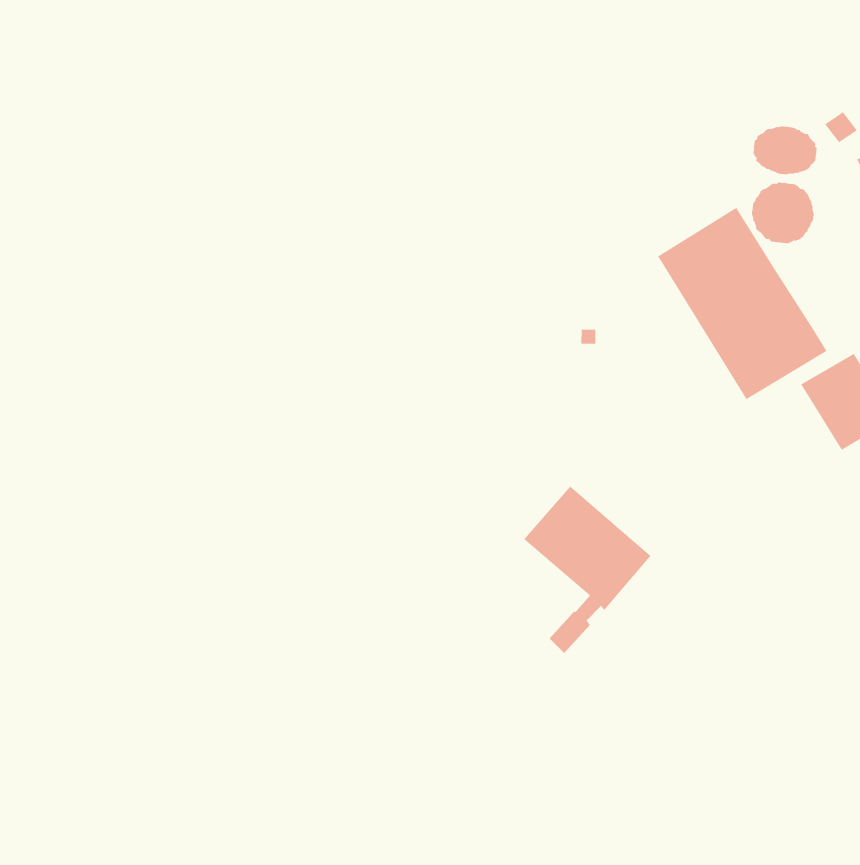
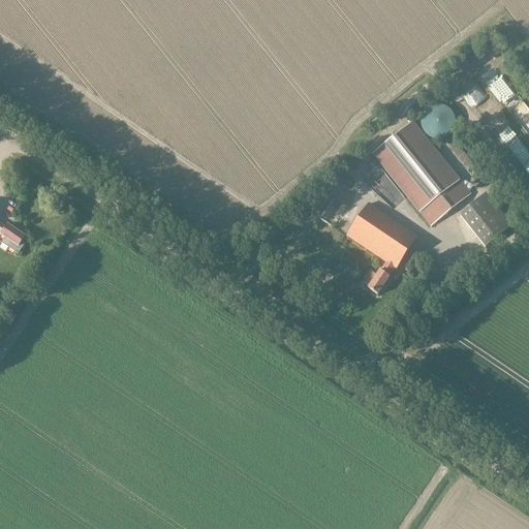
building: [752,126,818,175] -> none
building: [523,486,652,654] -> [346,201,416,292]

